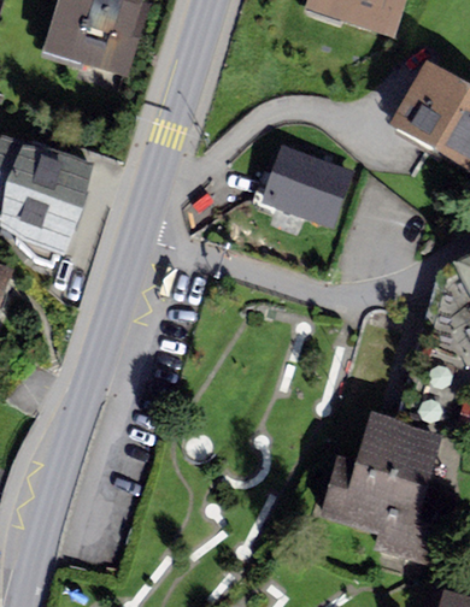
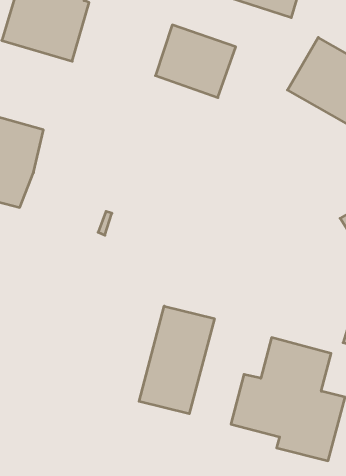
building: [258,141,356,229] -> [155,25,236,98]
building: none -> [139,306,214,414]

